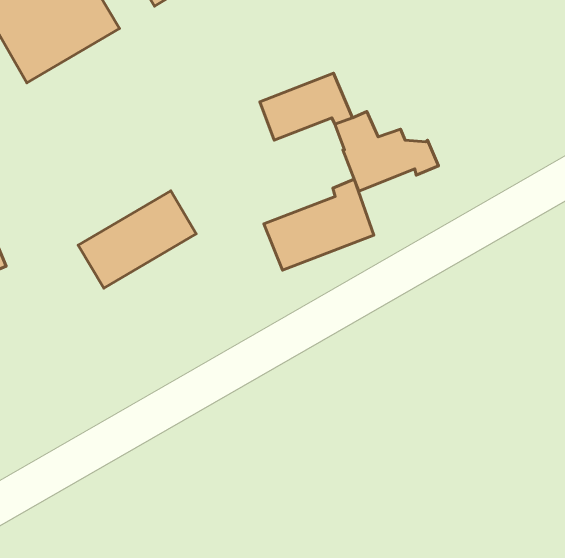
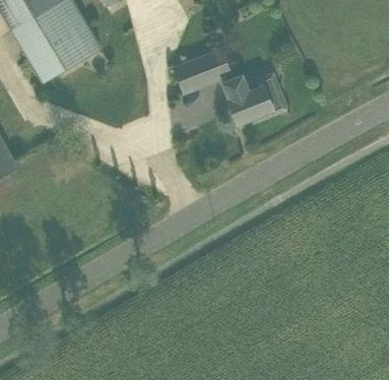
building: [264,179,374,270] -> none
building: [78,191,196,288] -> [24,20,100,82]

